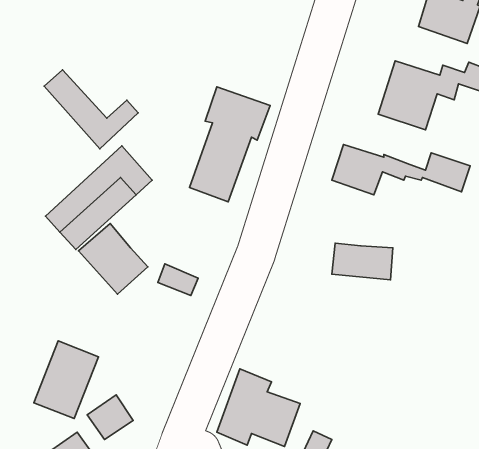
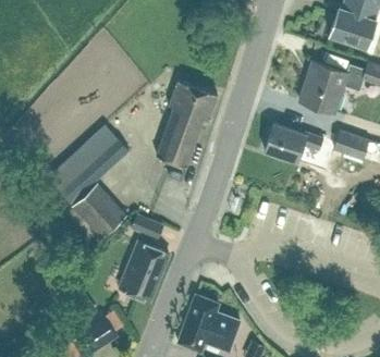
building: [44,70,138,149] -> none
building: [332,243,393,280] -> none
building: [34,341,99,419] -> [119,242,168,300]

